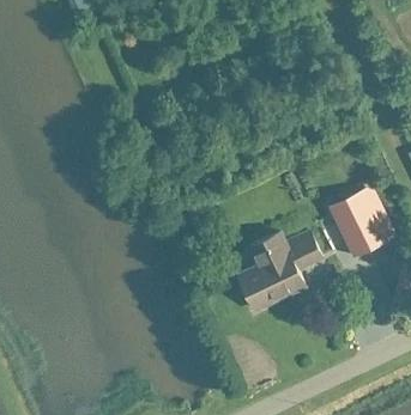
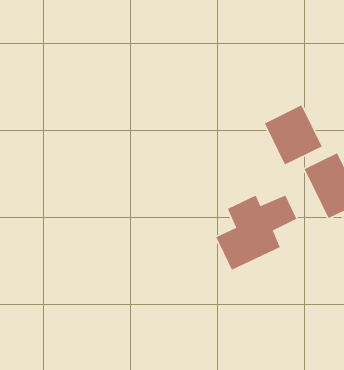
building: none -> [264,104,323,165]

